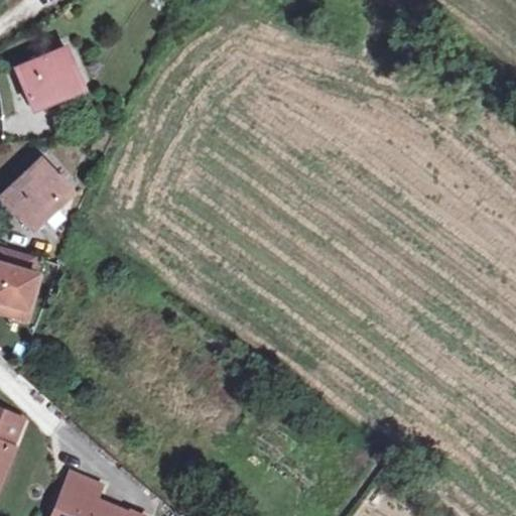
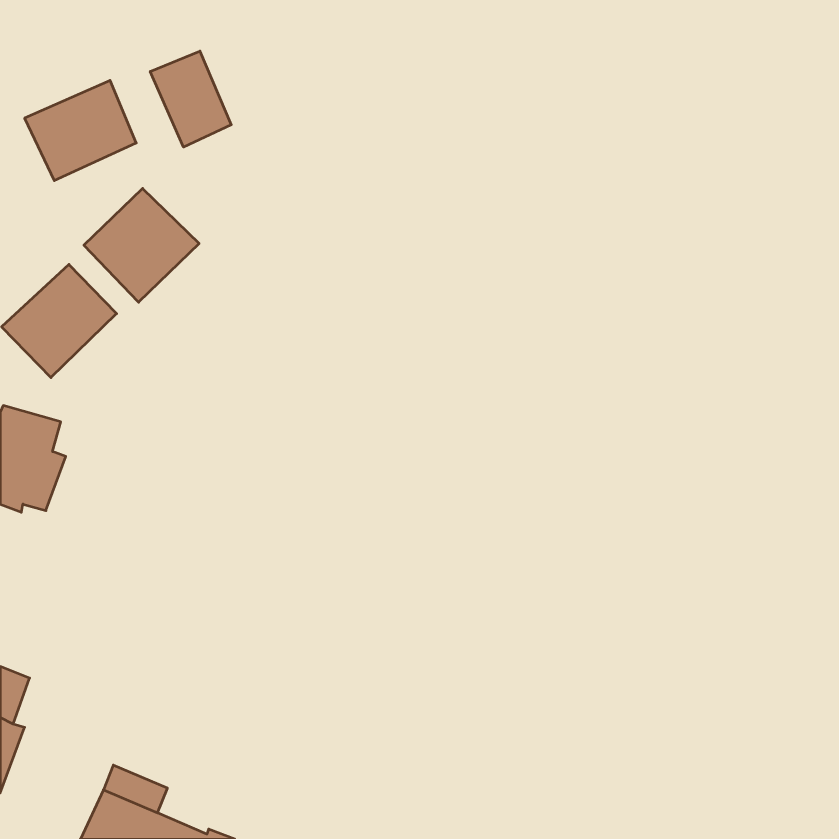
building: none -> [150,51,231,147]
building: none -> [84,188,199,302]

